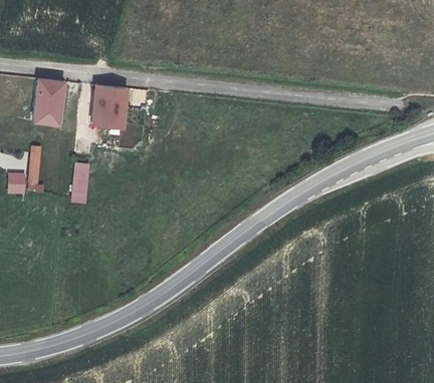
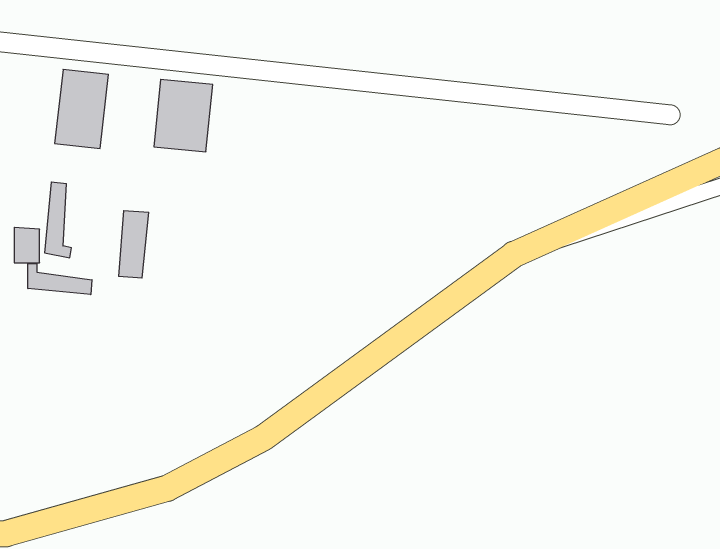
building: none -> [28,264,92,295]

